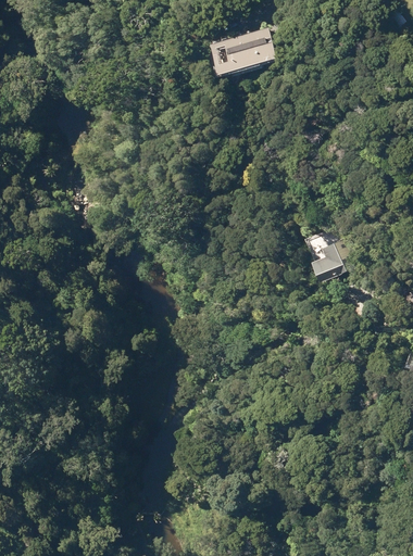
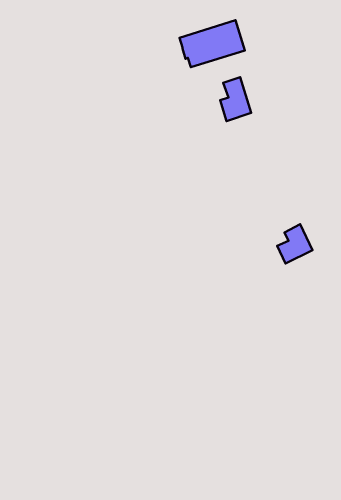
building: none -> [220,77,251,121]

